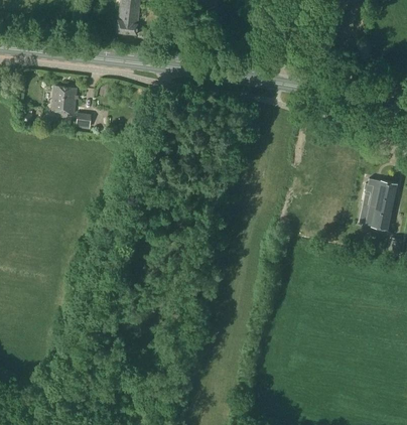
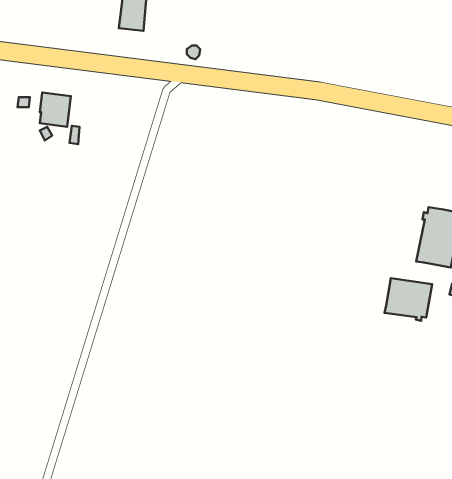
building: none -> [385,278,432,321]

